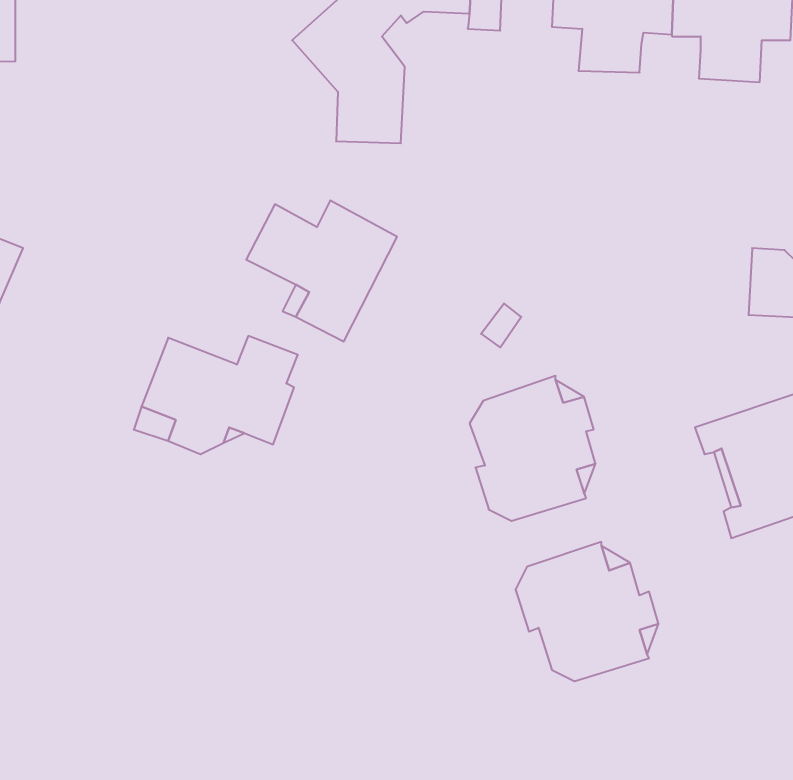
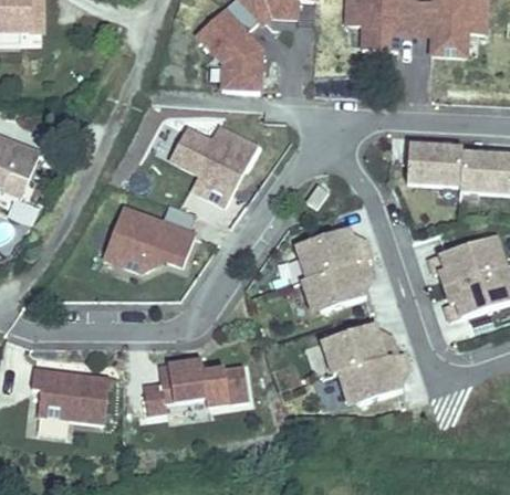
building: none -> [406,145,461,191]
building: none -> [143,360,248,415]
building: none -> [31,367,110,423]

